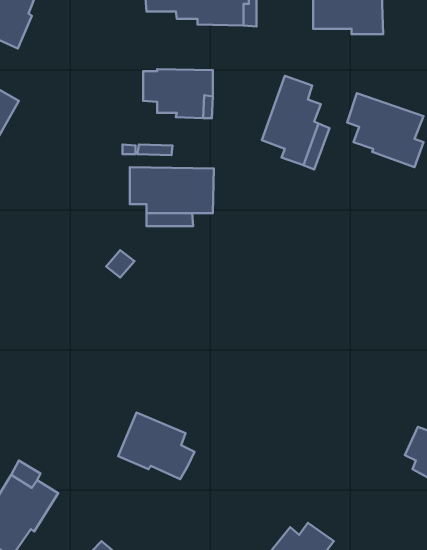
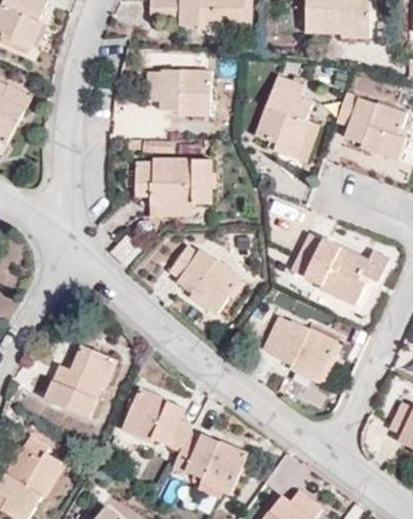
building: none -> [291,234,388,305]
building: none -> [169,244,242,314]
building: none -> [262,316,337,381]
building: none -> [48,346,119,419]
building: none -> [175,434,250,495]

